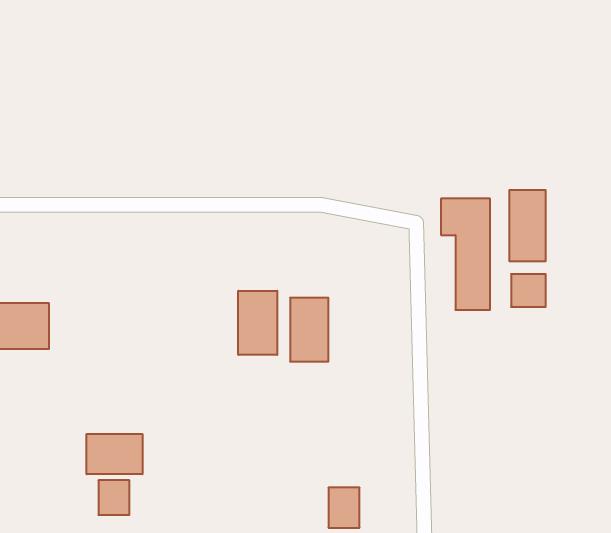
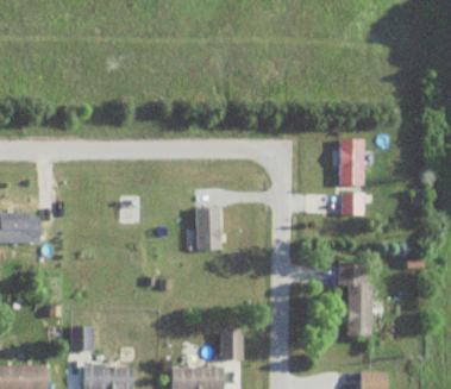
building: [441,199,490,310] -> [339,263,371,335]
building: [238,291,277,355] -> none
building: [87,434,142,474] -> none

